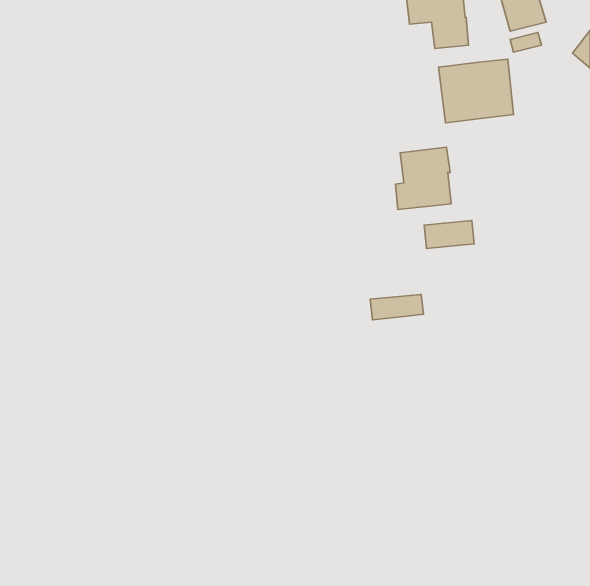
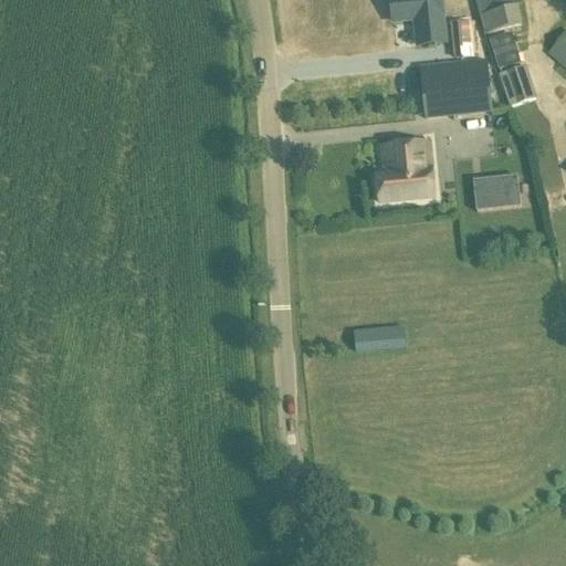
building: none -> [500,64,534,103]
building: [424,221,474,248] -> [473,182,521,209]
building: [370,294,423,320] -> [355,325,406,349]

